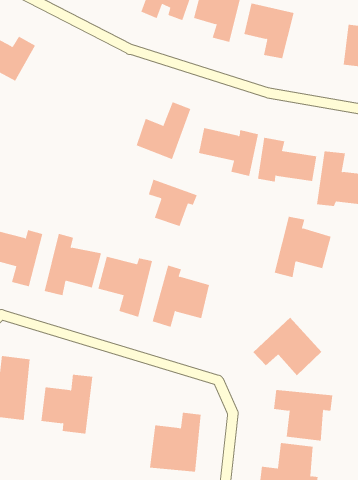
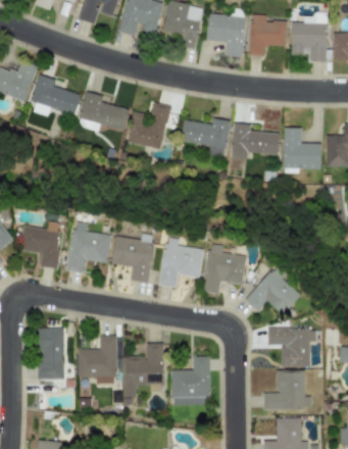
building: none -> [249,14,287,55]
building: none -> [31,73,81,116]
building: none -> [78,92,130,131]
building: [148,179,197,227] -> none
building: [274,216,332,278] -> [202,244,246,294]
building: none -> [125,343,162,404]

